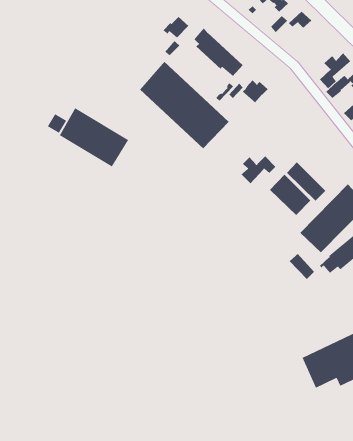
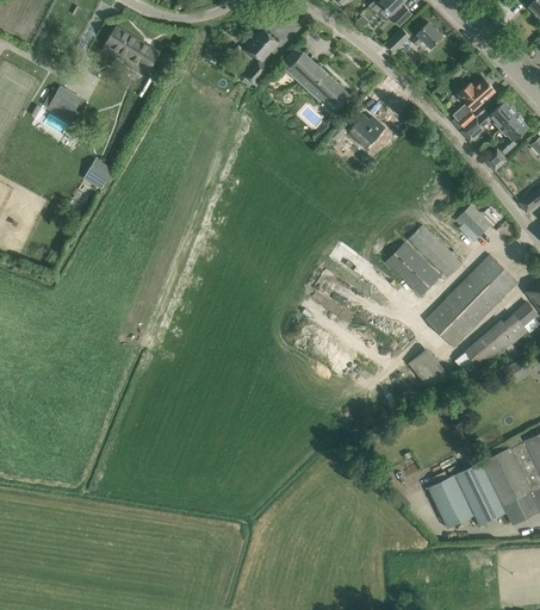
building: none -> [103,26,159,69]
building: none -> [49,87,81,124]
building: [139,61,229,149] -> none
building: [59,107,129,168] -> none
building: none -> [459,205,490,242]
building: [241,156,276,184] -> none

